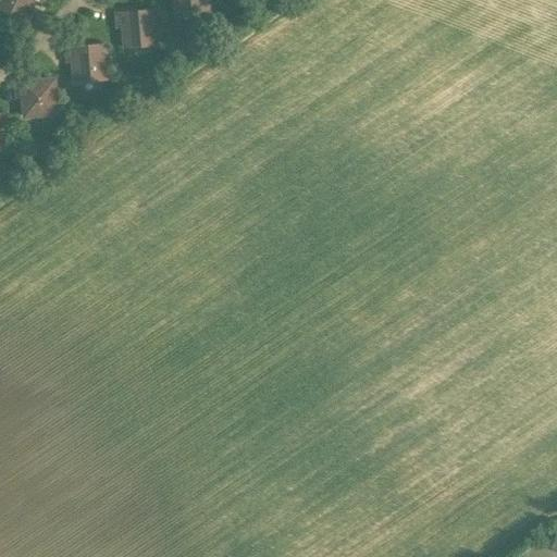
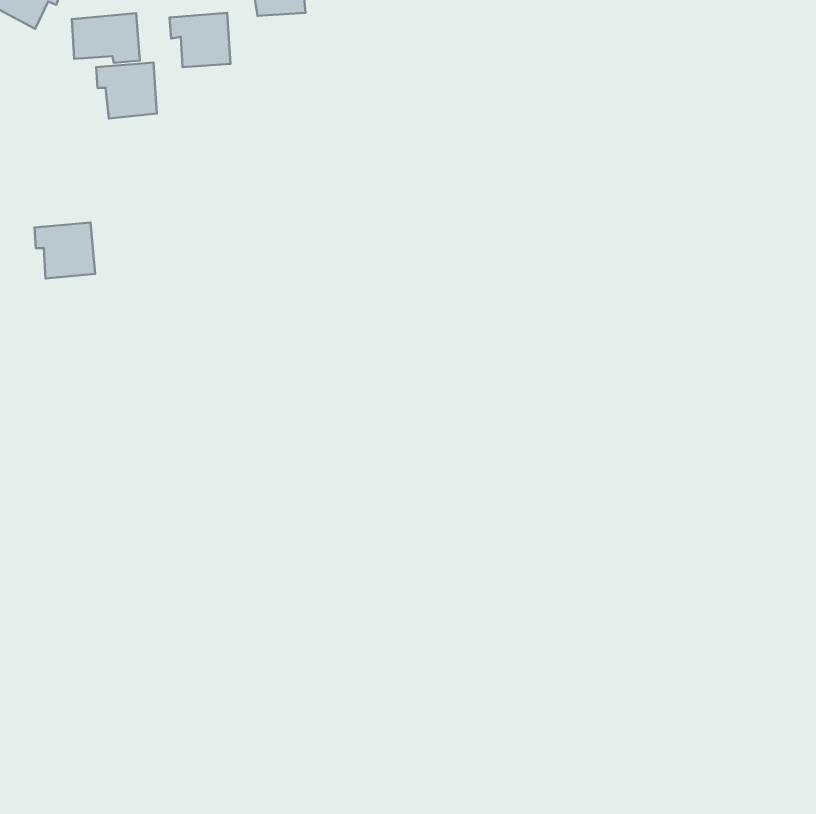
building: none -> [72,13,140,63]
building: [15,77,57,115] -> [34,223,95,279]

